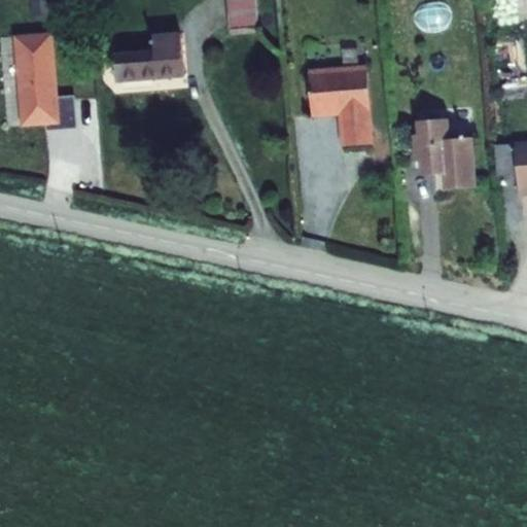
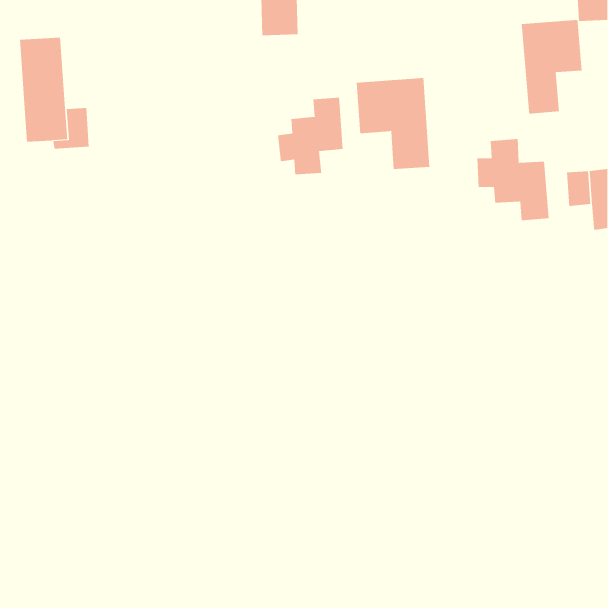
building: none -> [521,19,582,114]
building: [114,29,184,77] -> none
building: none -> [277,97,343,175]

